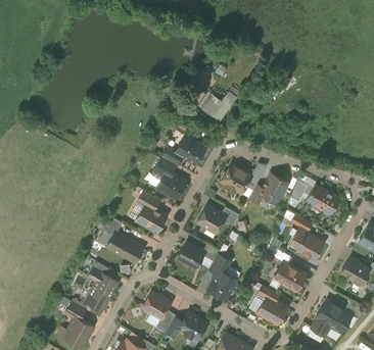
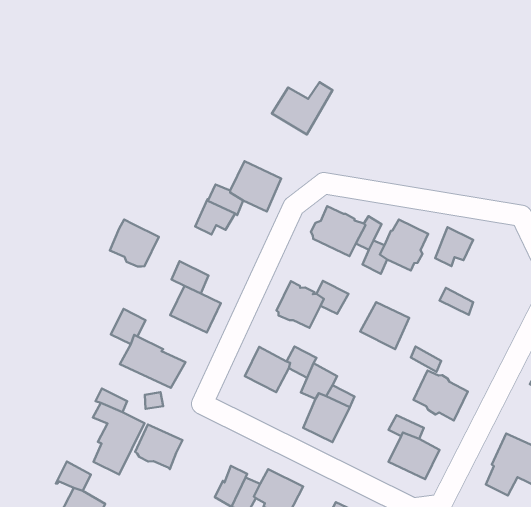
building: [156,170,185,198] -> [110,219,159,267]
building: [307,185,338,211] -> none
building: [294,232,323,259] -> [360,302,409,349]
building: [142,292,170,318] -> [135,424,182,469]

